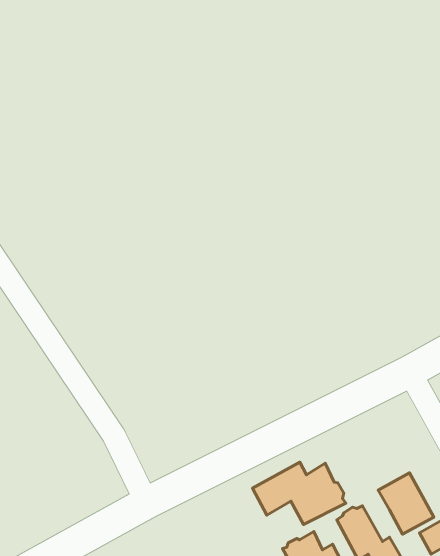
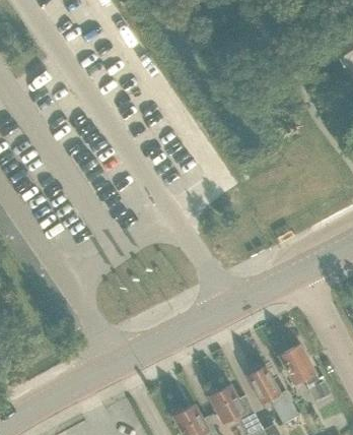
building: [253,462,346,525] -> none

